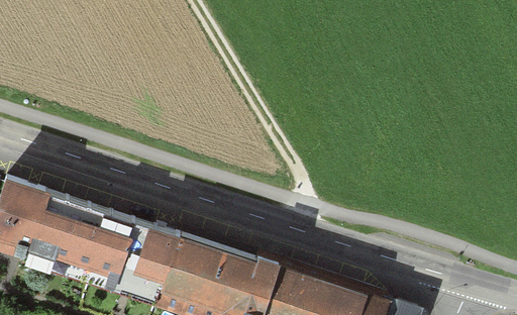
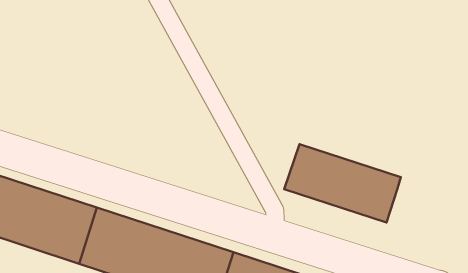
building: none -> [284,144,401,223]

